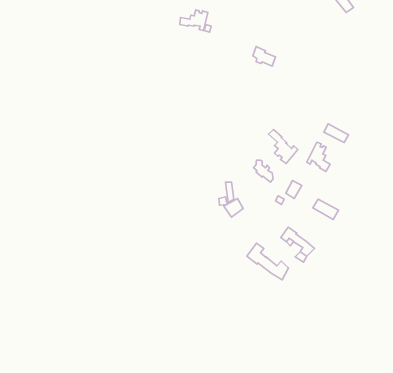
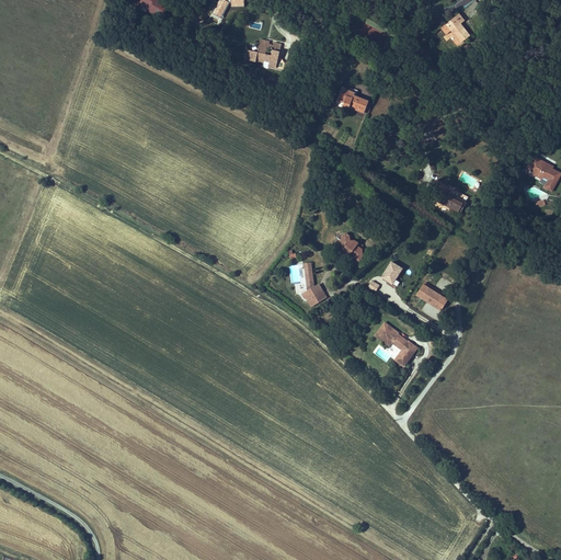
building: [269,130,298,163] -> none
building: [307,142,330,172] -> none
building: [247,243,289,280] -> none

